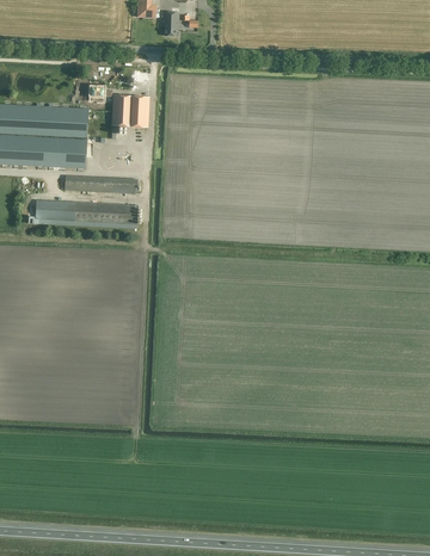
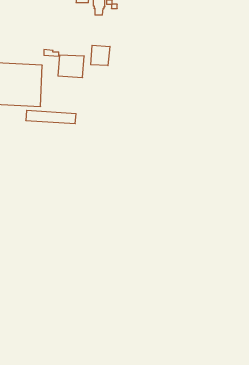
building: none -> [91,45,110,66]
building: [35,199,139,223] -> none

